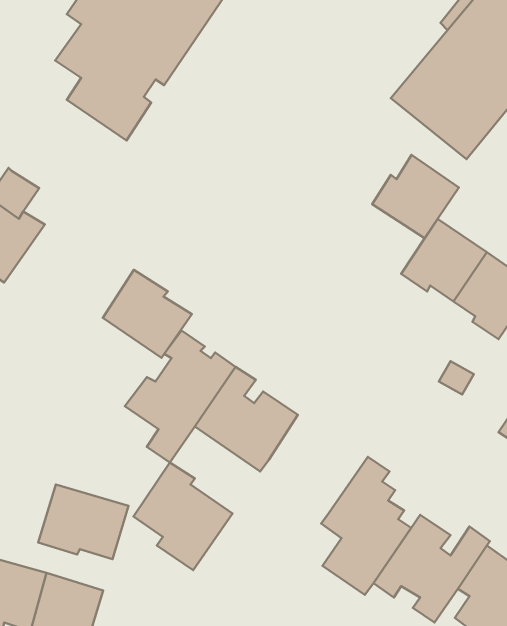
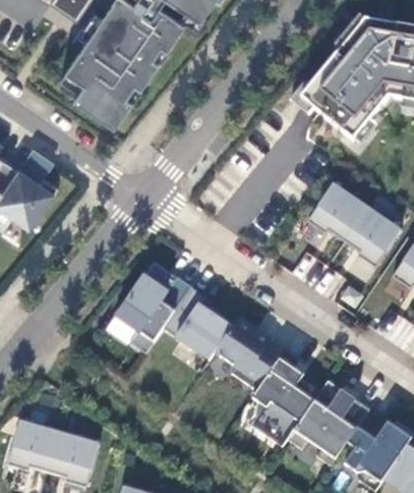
building: [372,155,459,238] -> none
building: [103,270,192,358] -> none
building: [134,463,232,570] -> [215,314,284,389]
building: [38,485,129,559] -> none

